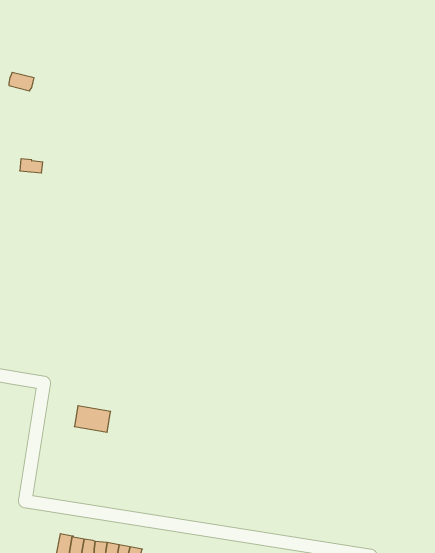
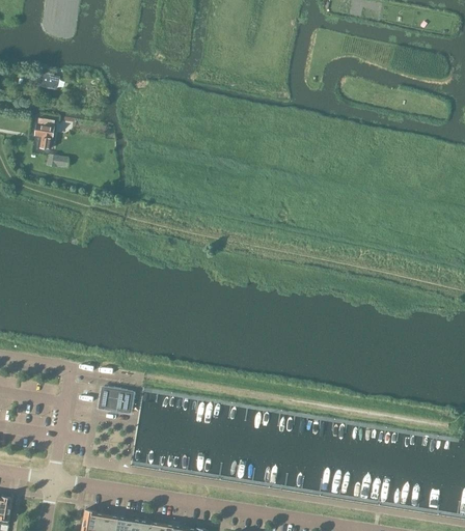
building: none -> [34,119,54,150]

